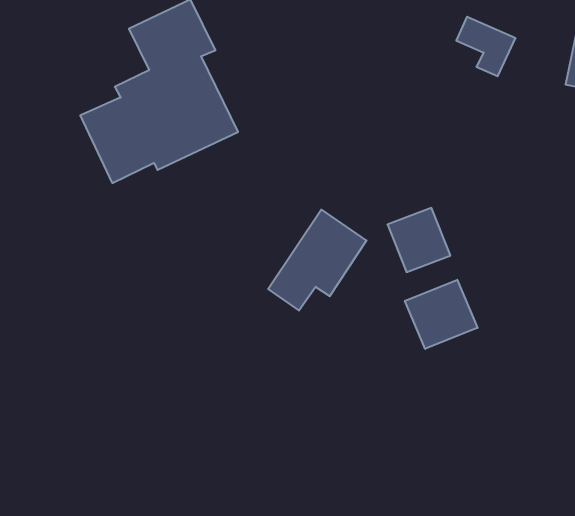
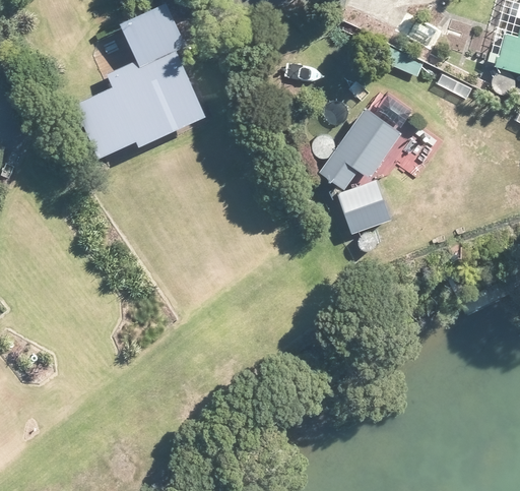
building: [268,210,367,311] -> [319,103,403,189]
building: [405,280,478,349] -> none

